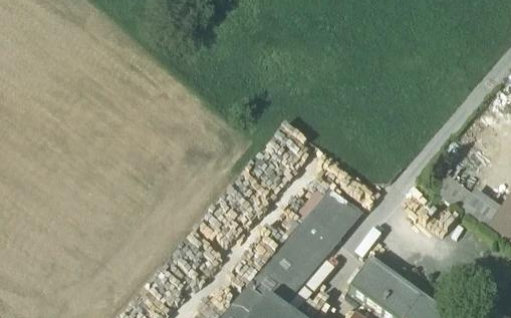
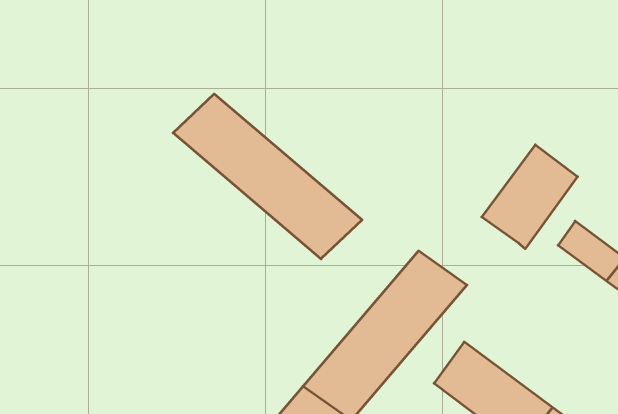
building: none -> [173,94,362,259]
building: none -> [482,145,578,249]

